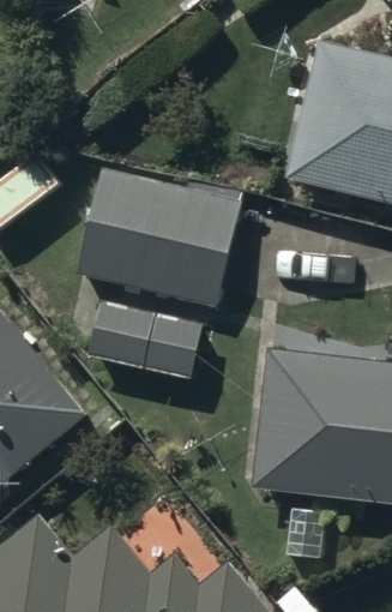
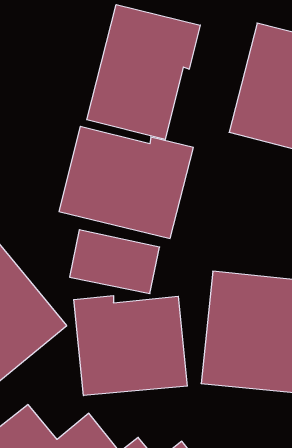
building: none -> [87,5,200,139]
building: none -> [74,296,187,396]

